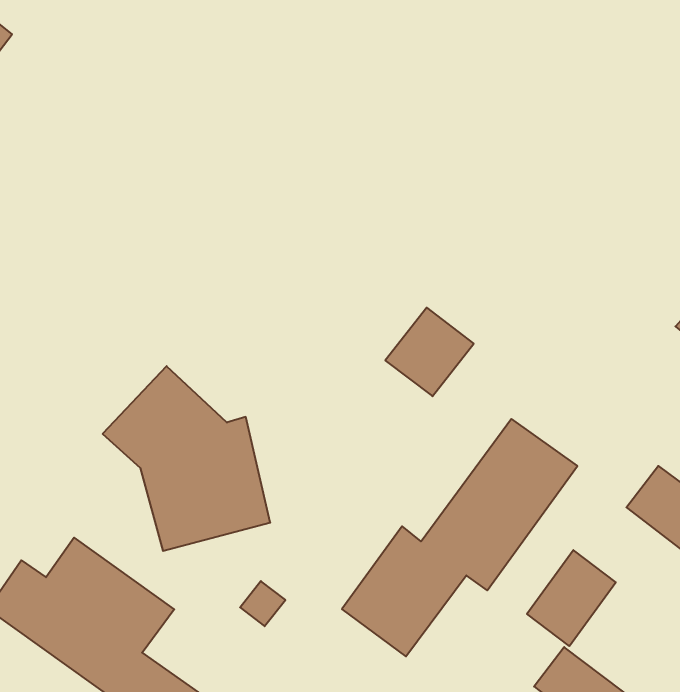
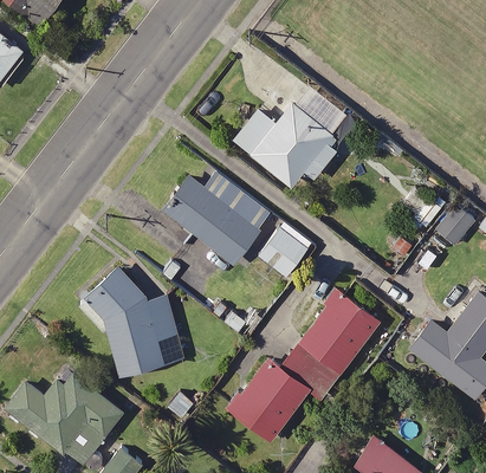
building: none -> [232,103,336,187]
building: none -> [163,174,271,265]
building: [527,550,616,646] -> none

